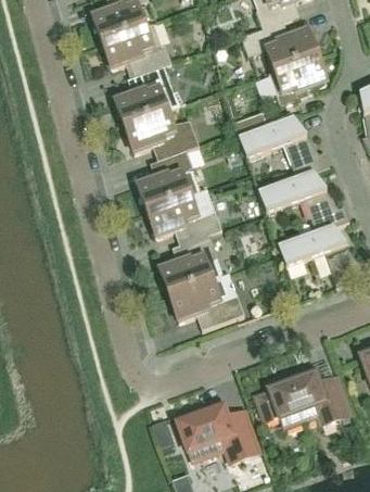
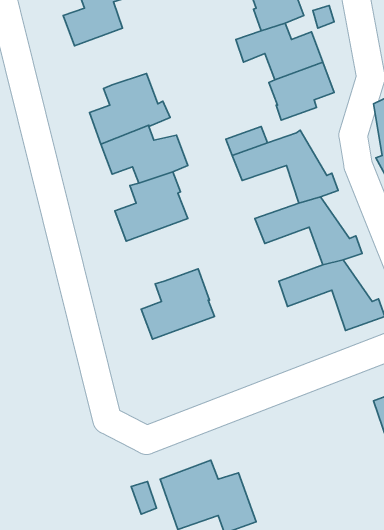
building: [102,21,171,74] -> none
building: [146,187,221,243] -> none
building: [169,272,244,328] -> none
building: [253,364,348,424] -> none

